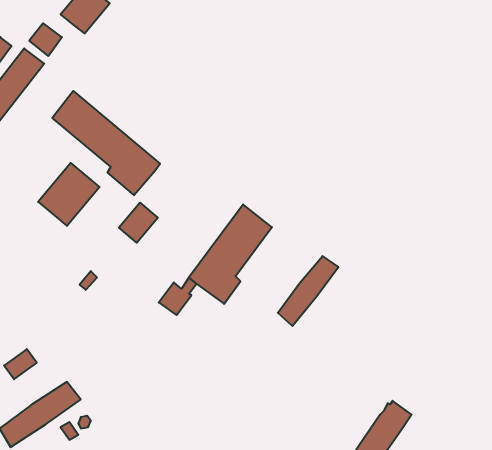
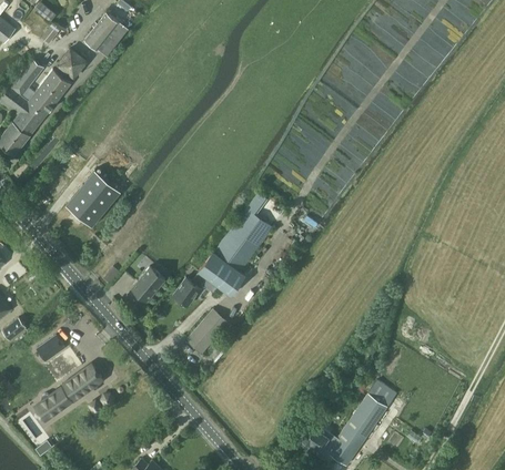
building: [52,91,160,195] -> none
building: [119,203,158,243] -> [129,267,163,303]
building: [278,256,338,326] -> none
building: none -> [185,309,228,354]

